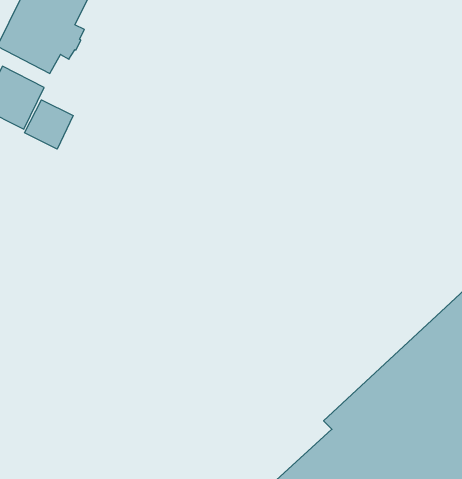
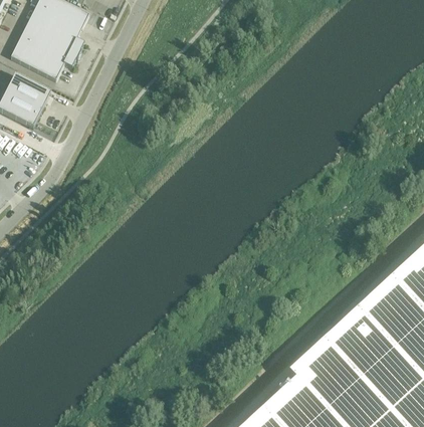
building: [25,100,73,149] -> none

